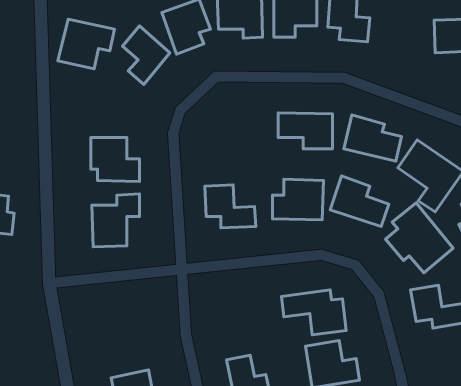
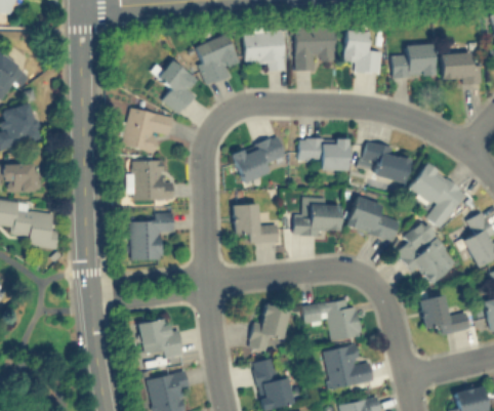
building: none -> [393,44,435,78]
building: [58,19,114,69] -> [121,108,172,153]
building: none -> [233,136,286,182]
building: none -> [249,304,289,352]
building: none -> [138,319,182,358]

